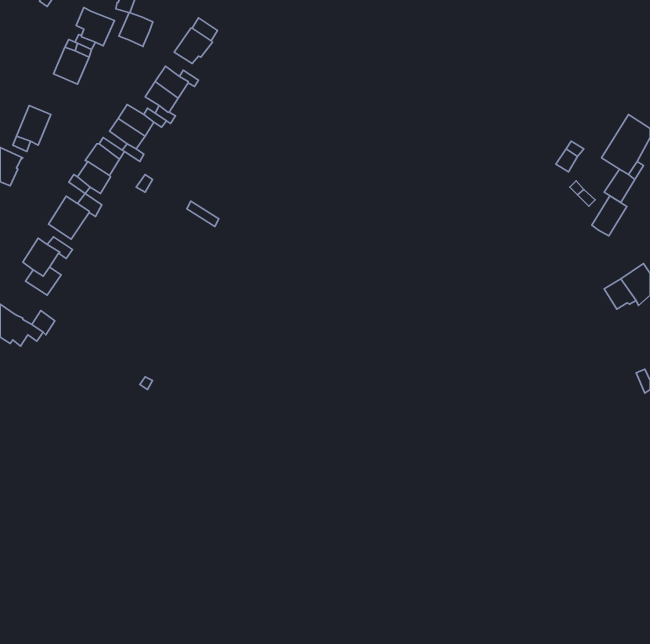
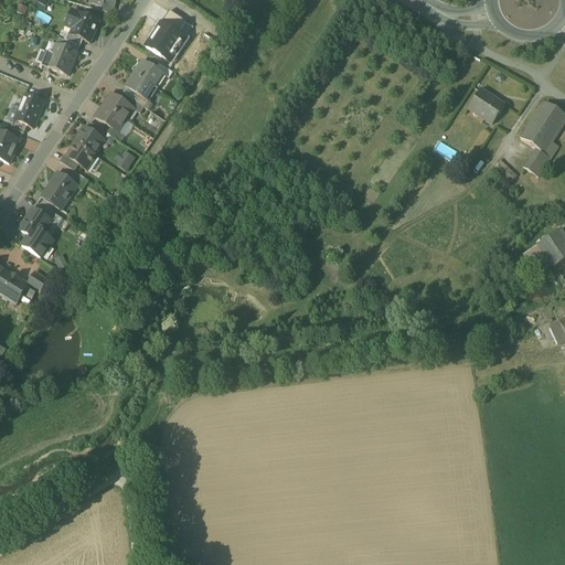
building: [119,13,153,46] -> none
building: none -> [467,86,503,121]
building: [592,196,627,236] -> none

